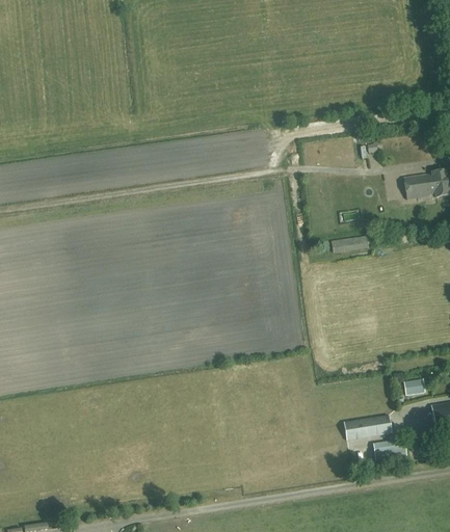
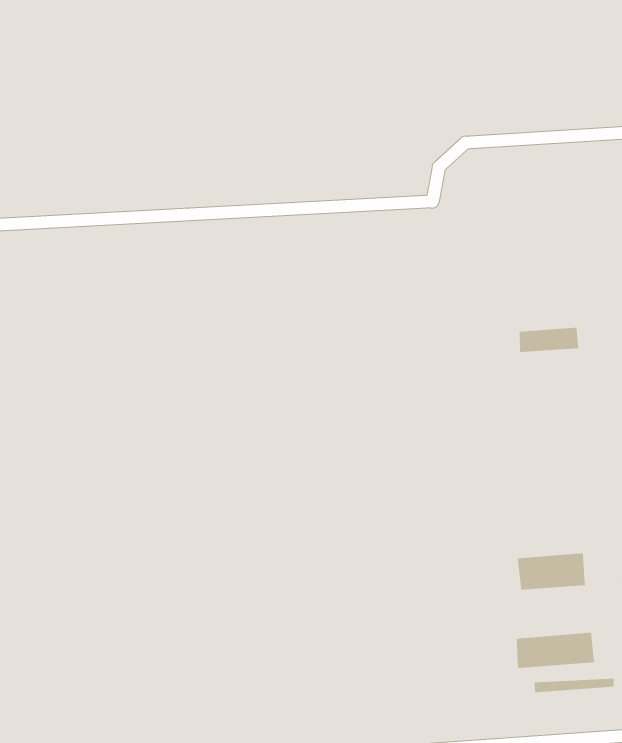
building: none -> [517,553,585,591]

